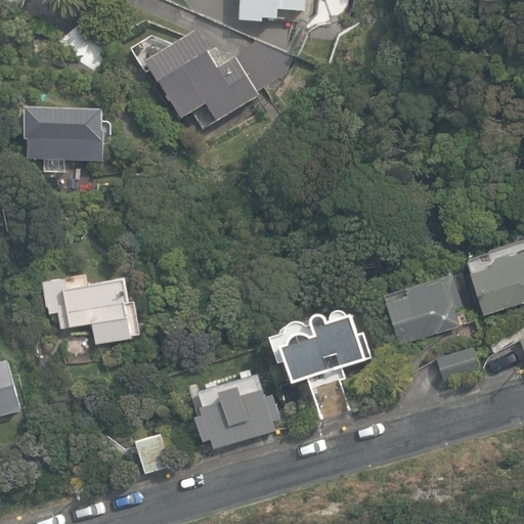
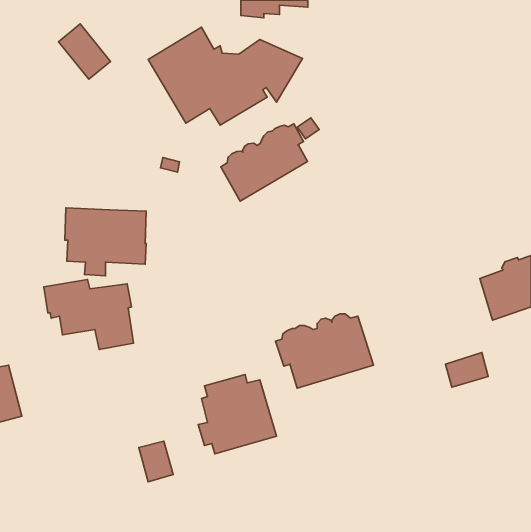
building: [25,106,104,173] -> [65,208,146,276]
building: none -> [221,124,308,201]
building: [386,278,461,345] -> none

